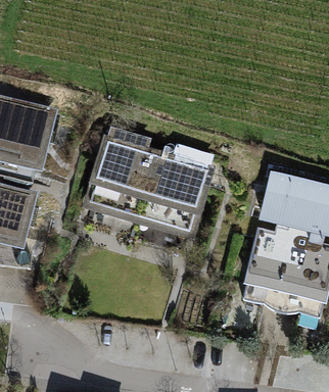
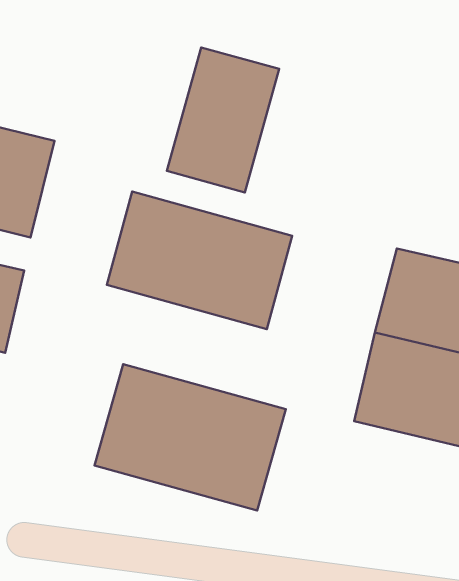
building: none -> [167,47,279,192]
building: none -> [94,364,286,510]

